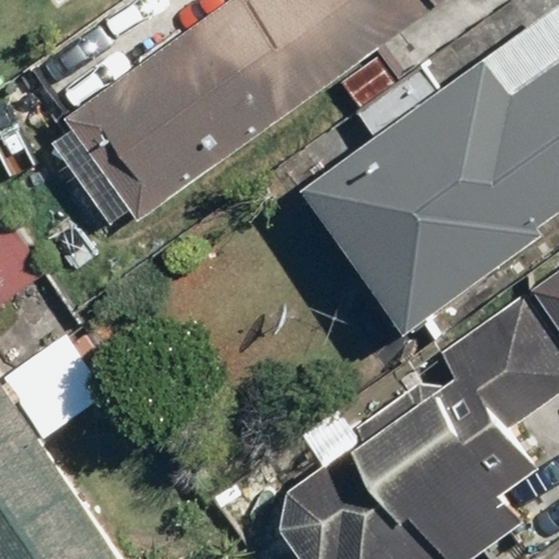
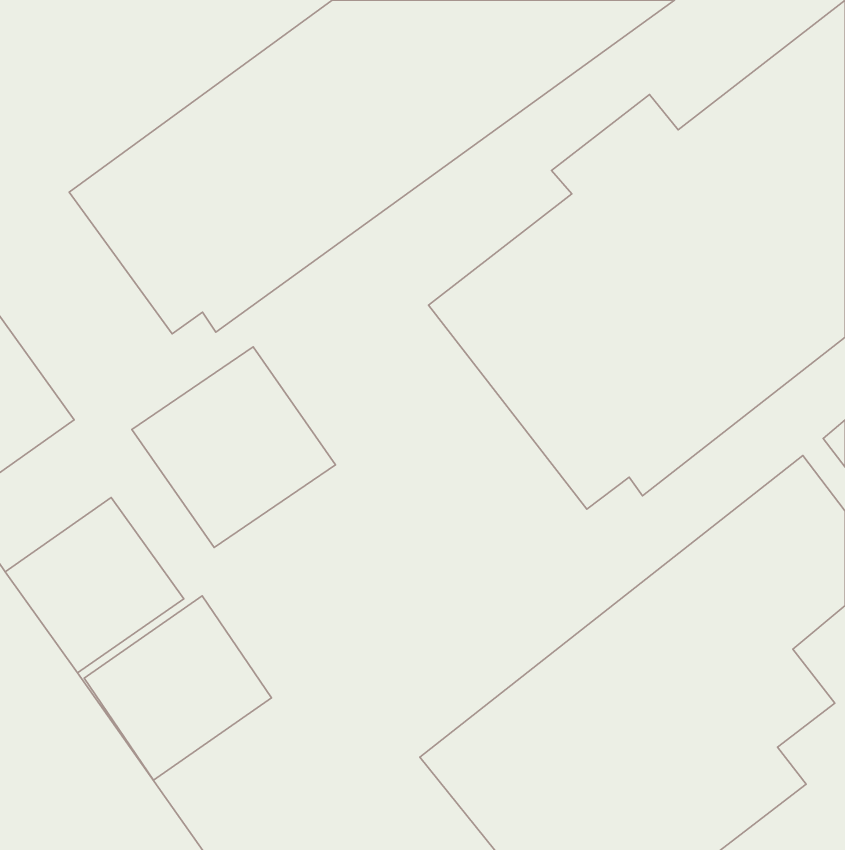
building: none -> [132,347,336,547]
building: none -> [84,596,271,780]

